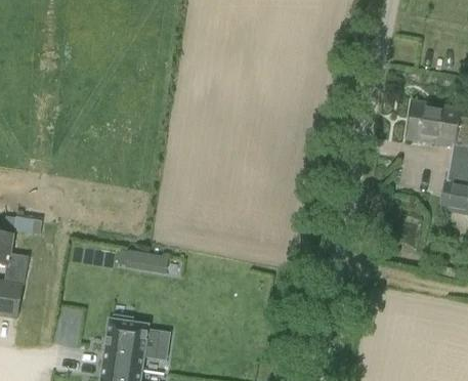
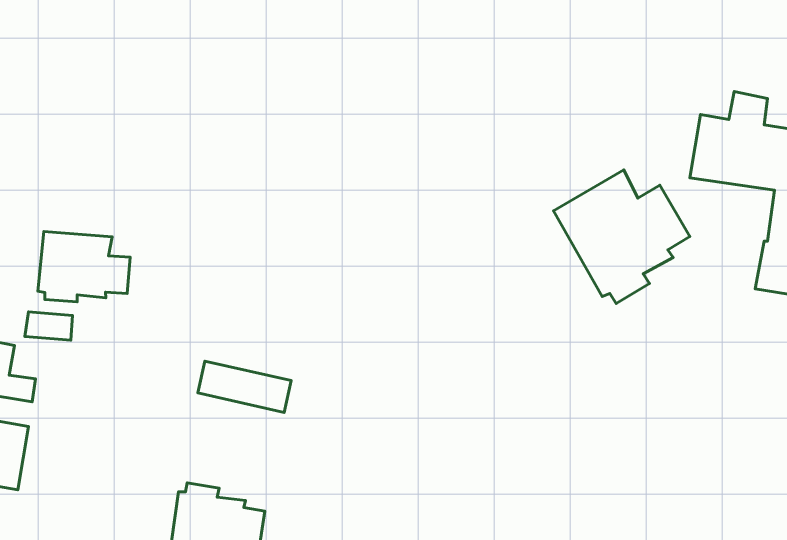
building: none -> [554,170,690,303]
building: none -> [38,231,130,302]

